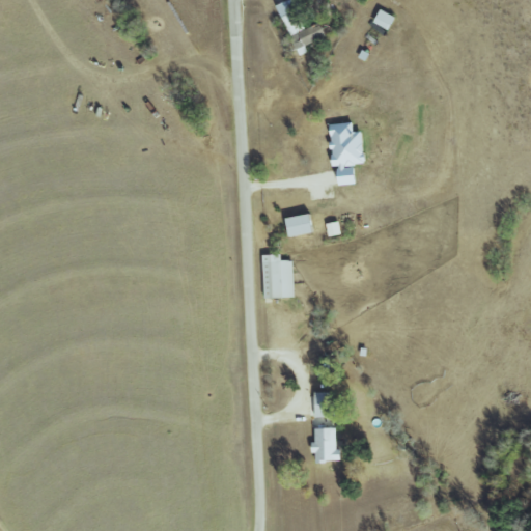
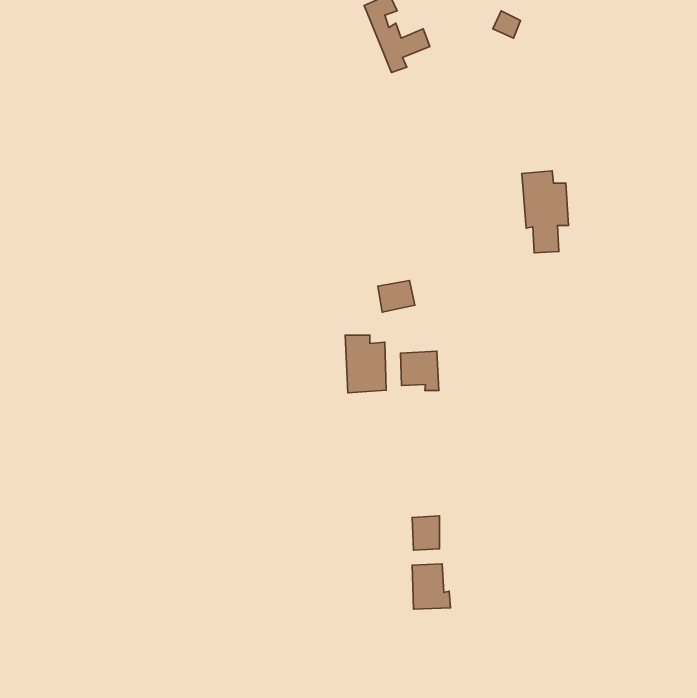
building: [329,121,364,184] -> [522,171,568,253]
building: none -> [400,351,439,391]

